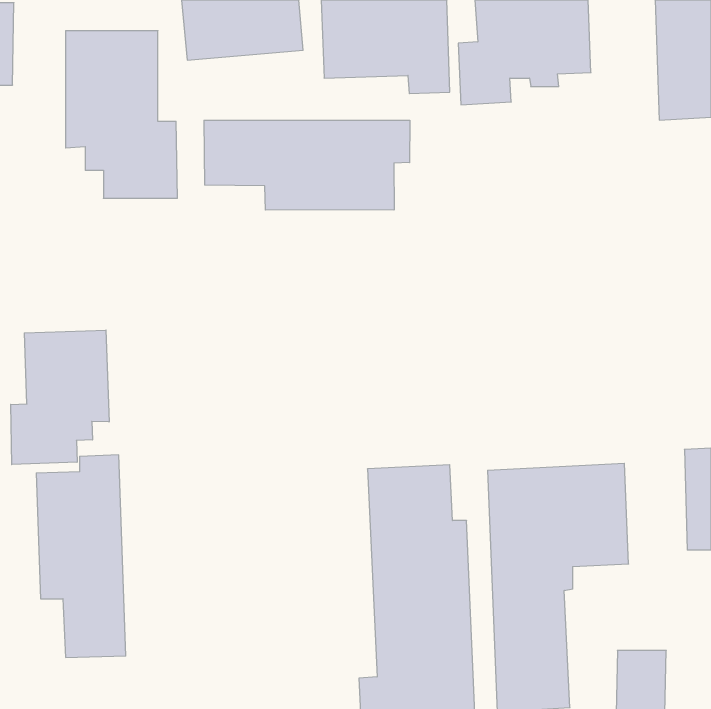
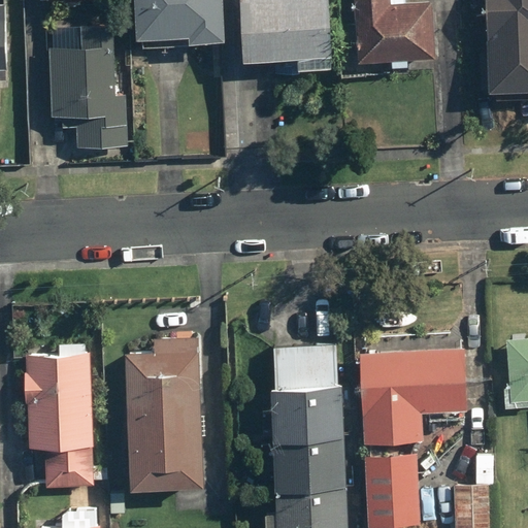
building: [204,120,410,210] -> none
building: [11,330,109,465] -> none
building: none -> [128,334,205,486]

